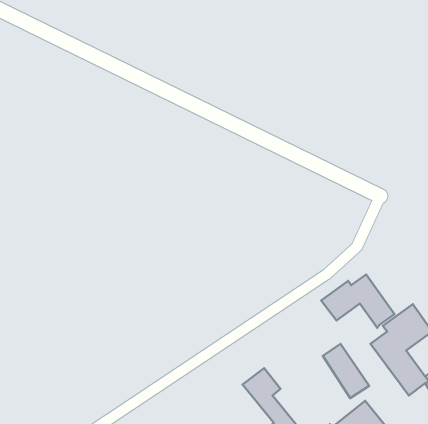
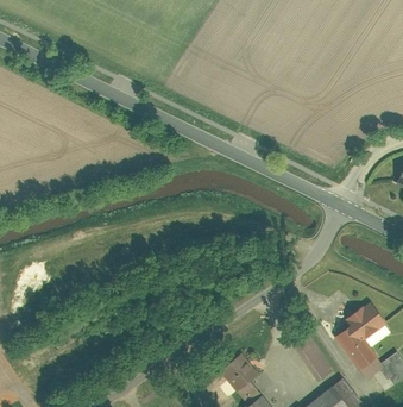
building: [321,274,395,328] -> none

